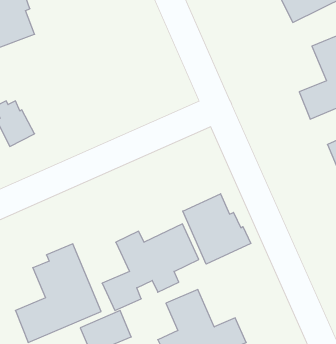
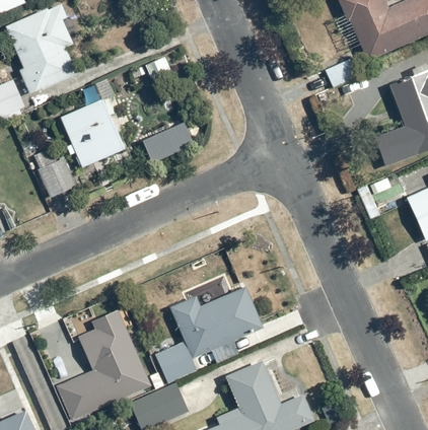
building: none -> [59,79,125,170]
building: none -> [142,128,190,166]
building: [183,194,251,264] -> none

